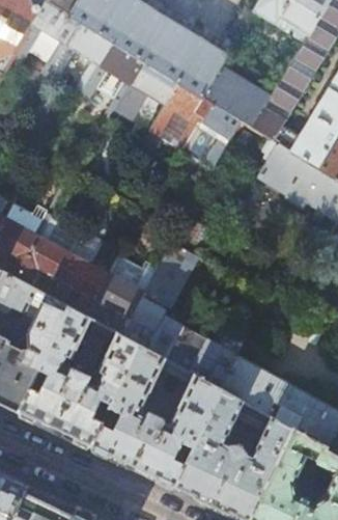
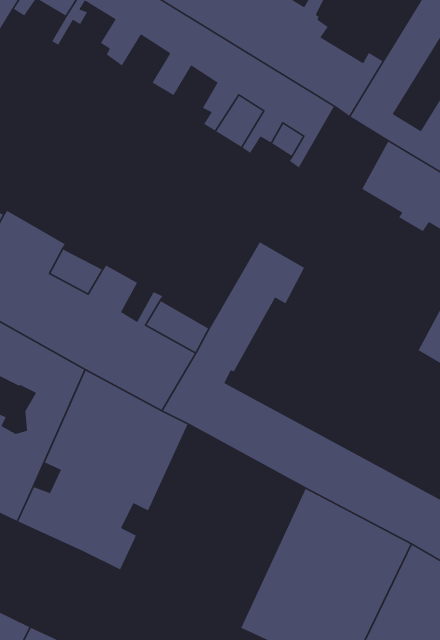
building: [90,344,220,487] -> none

